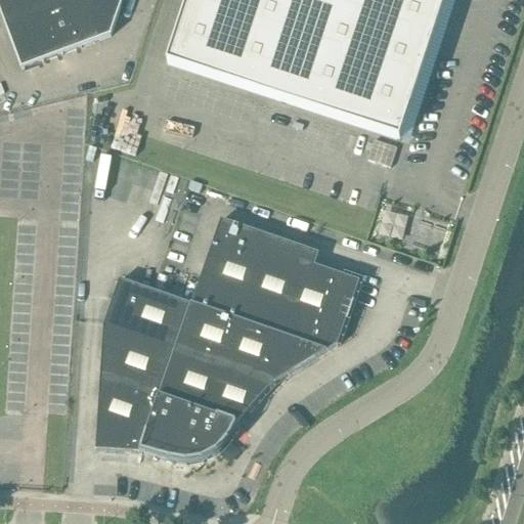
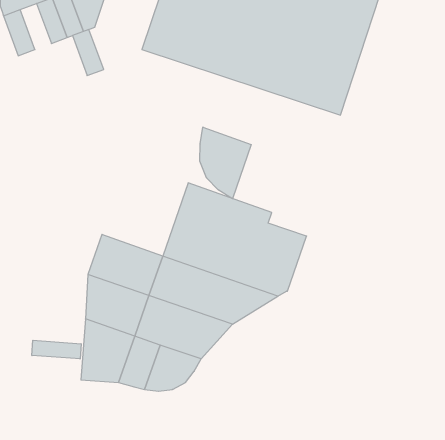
building: [24,4,60,58] -> [72,29,104,76]
building: none -> [200,127,251,199]
building: none -> [32,340,81,359]

